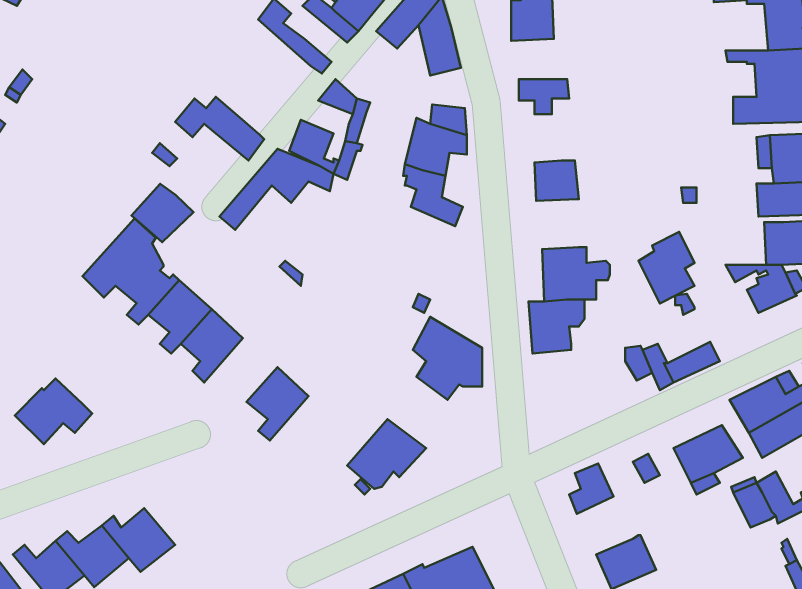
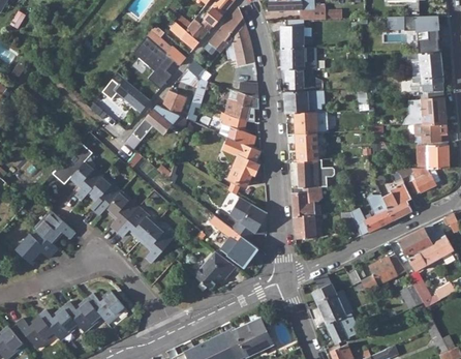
building: none -> [133,36,175,89]
building: none -> [282,47,305,68]
building: none -> [284,90,322,113]
building: [132,184,193,242] -> none
building: none -> [287,132,318,159]
building: none -> [223,137,260,186]
building: [639,232,695,303] -> [382,181,412,219]
building: none -> [118,207,157,241]
building: none -> [36,210,75,242]
building: none -> [294,213,322,238]
building: none -> [210,215,258,267]
building: none -> [317,289,355,323]
building: none -> [86,290,125,324]

